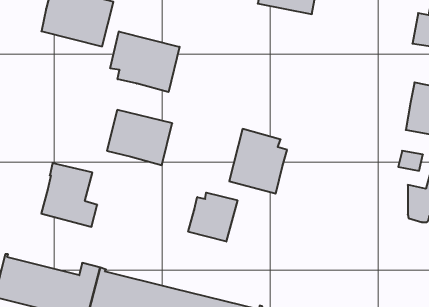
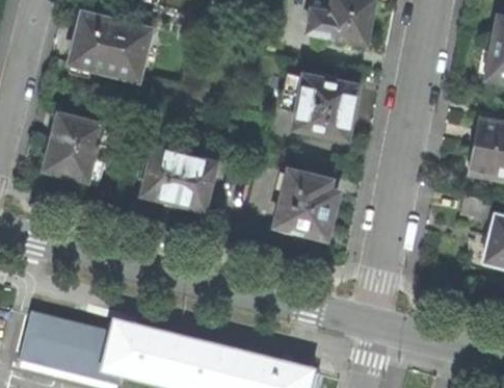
building: [110,31,180,92] -> none
building: none -> [282,74,356,140]
building: [41,163,97,227] -> [43,115,104,185]
building: [188,193,237,242] -> none

